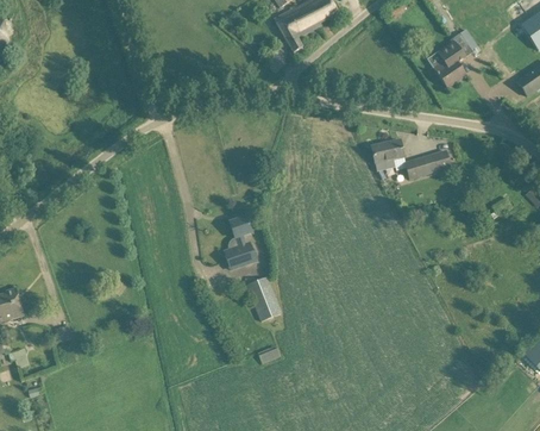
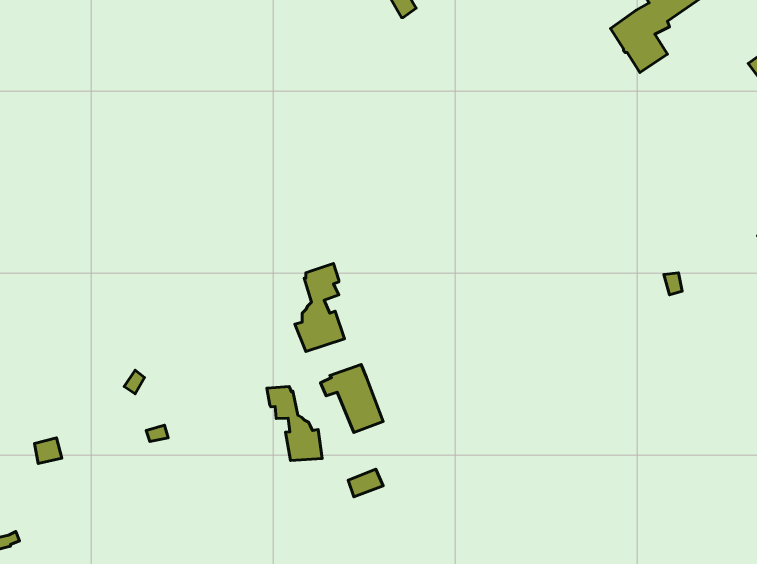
building: [371,140,451,180] -> none
building: none -> [267,387,322,460]

